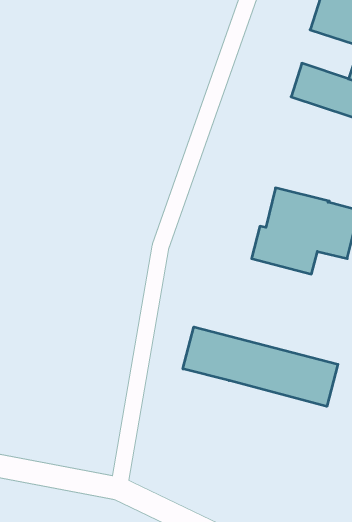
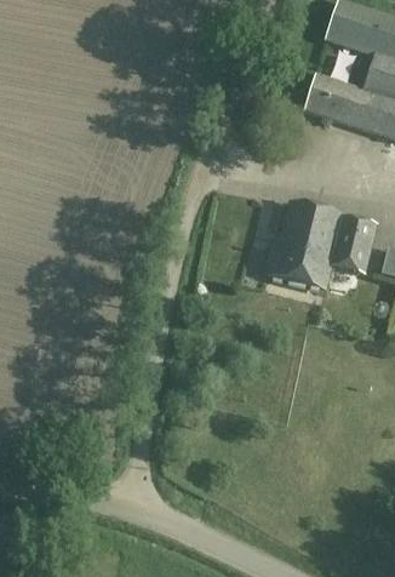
building: [183,327,338,406] -> none

